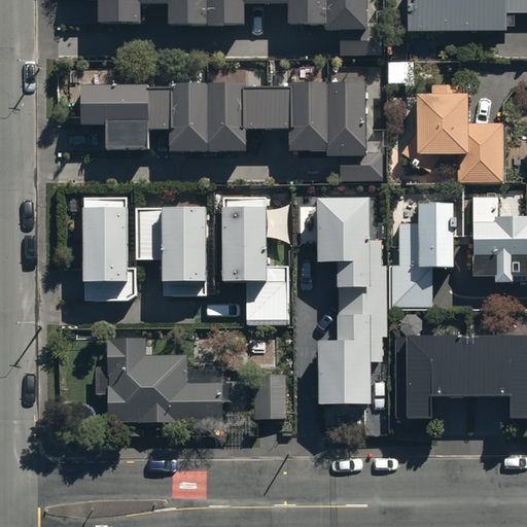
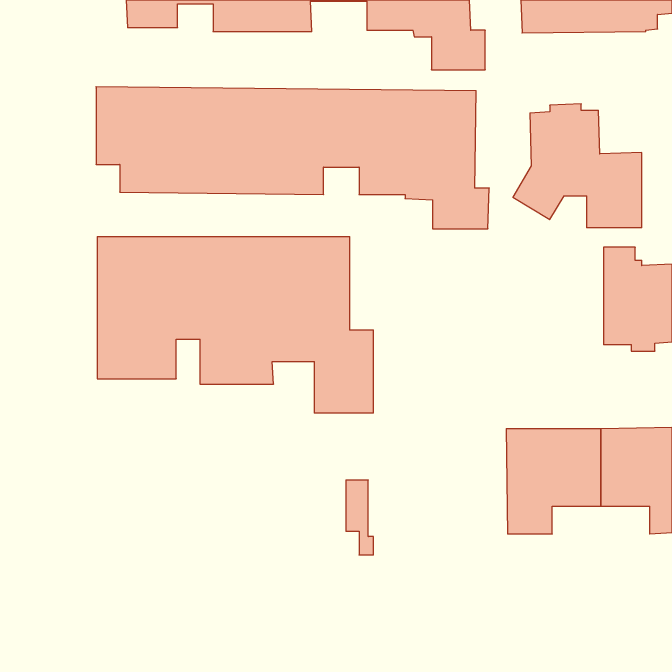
building: [393,197,456,305] -> none
building: [319,202,387,402] -> none
building: [97,352,230,420] -> none

